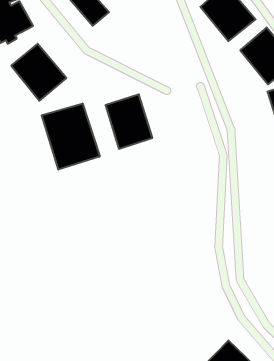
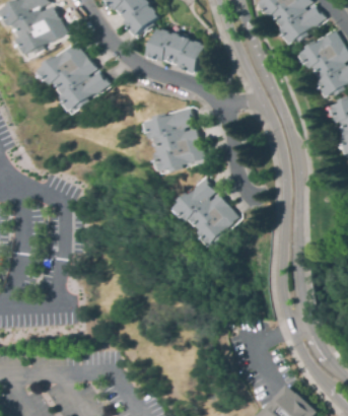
building: none -> [154,32,206,70]
building: [42,103,100,170] -> none
building: none -> [168,182,231,246]

